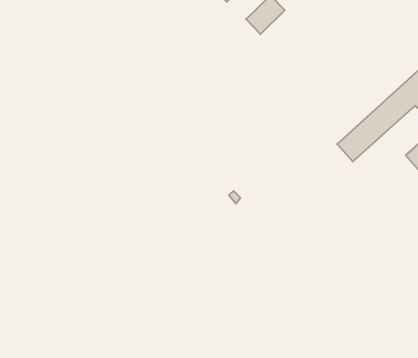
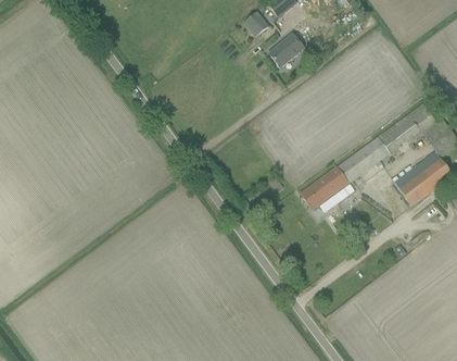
building: none -> [301,166,350,209]

